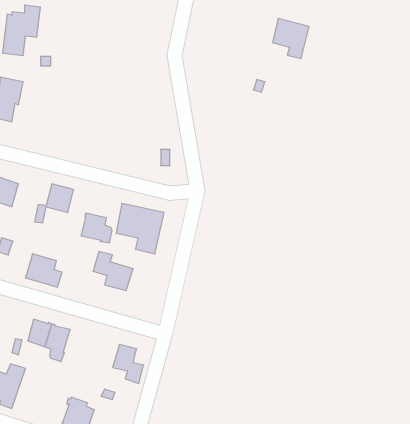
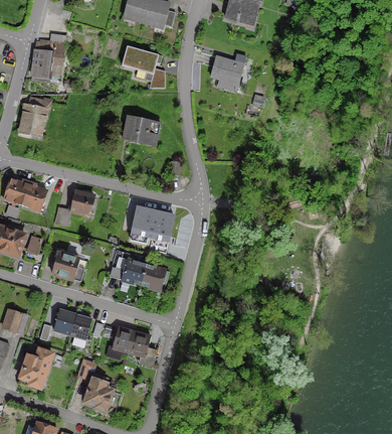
building: [272,18,309,59] -> [211,55,243,91]
building: none -> [123,47,168,88]
building: none -> [123,116,160,143]
building: [81,213,112,243] -> none
building: none -> [141,265,166,290]
building: none -> [113,326,135,351]

